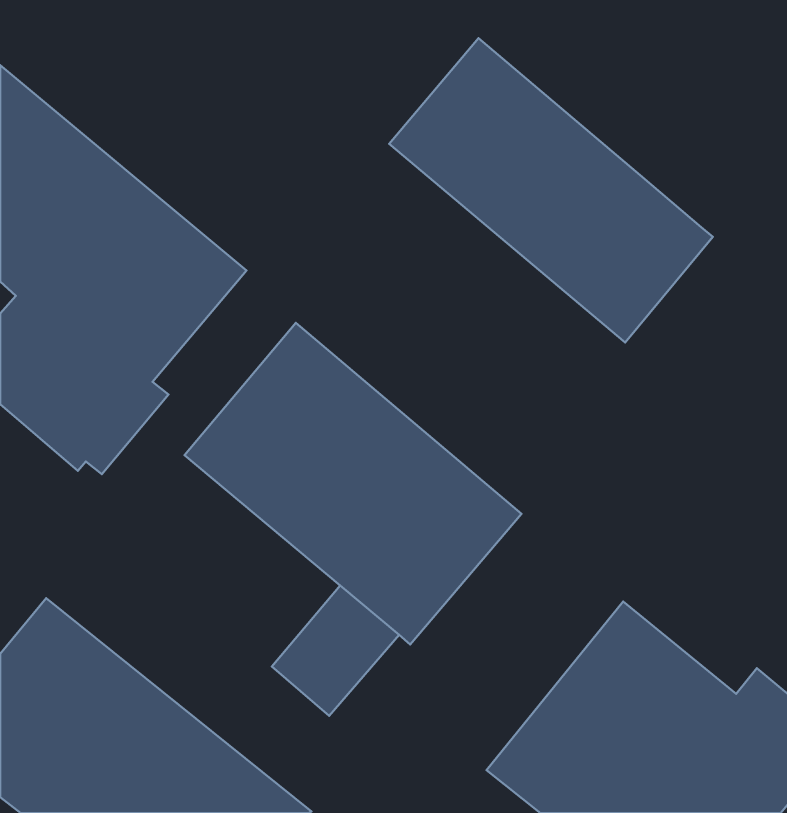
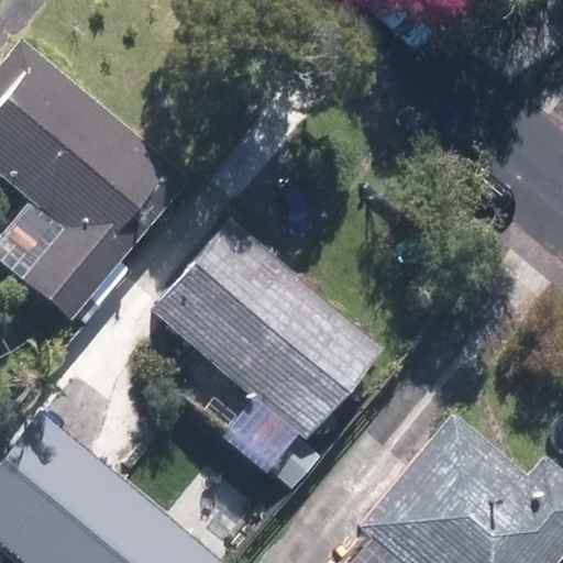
building: [389,38,713,343] -> none

